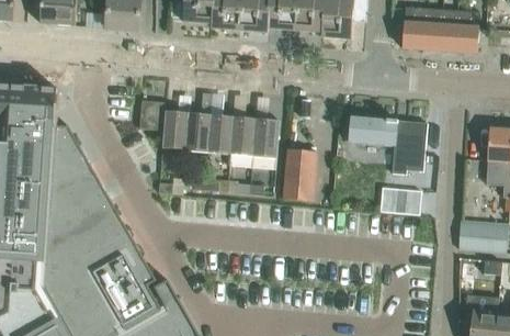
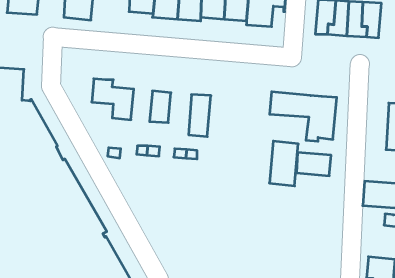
building: [185,112,211,150] -> none
building: [229,116,257,166] -> none
building: [283,148,317,201] -> [269,141,298,186]

